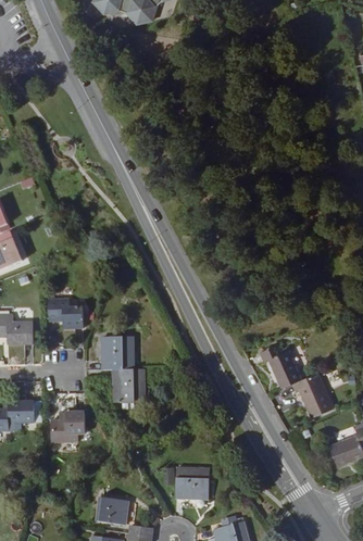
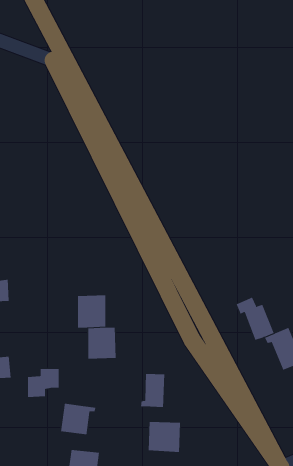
building: [46,299,86,329] -> none
building: none -> [140,373,165,408]
building: none -> [61,403,96,435]

